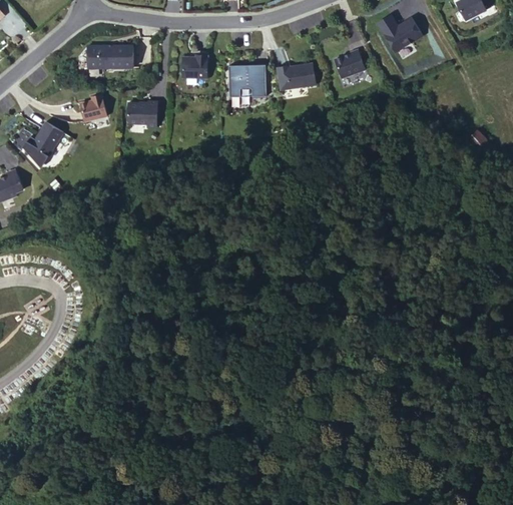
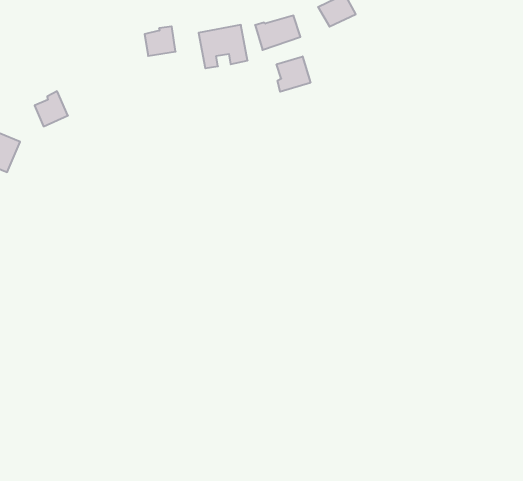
building: [88,46,132,69] -> none
building: none -> [277,56,310,92]
building: [126,103,156,129] -> none

